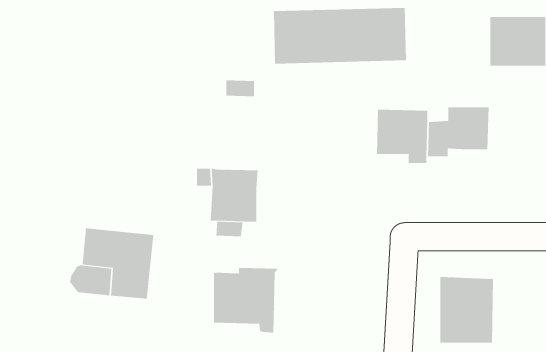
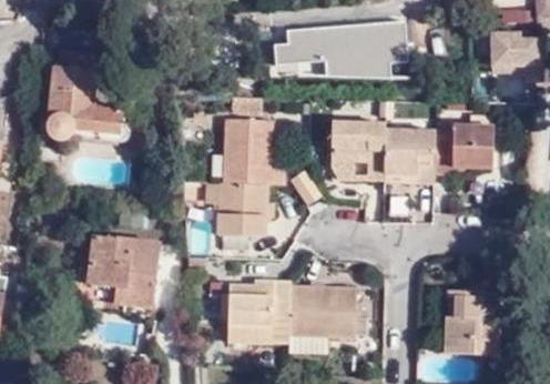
building: none -> [47,52,126,142]
building: none -> [224,117,282,183]
building: none -> [326,118,380,175]
building: none -> [279,284,348,353]

